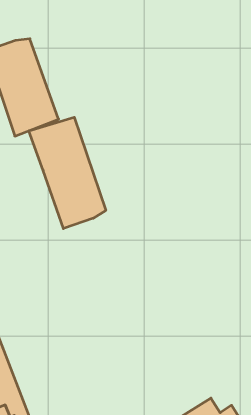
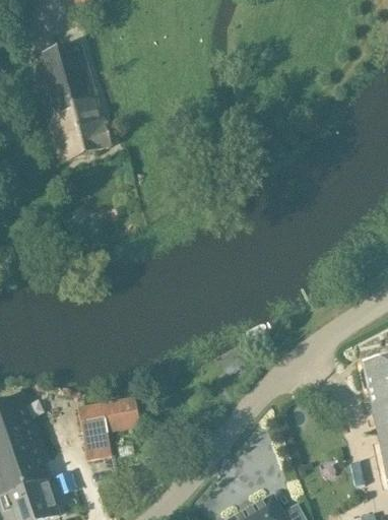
building: [29,117,106,229] -> none
building: none -> [77,397,140,461]

